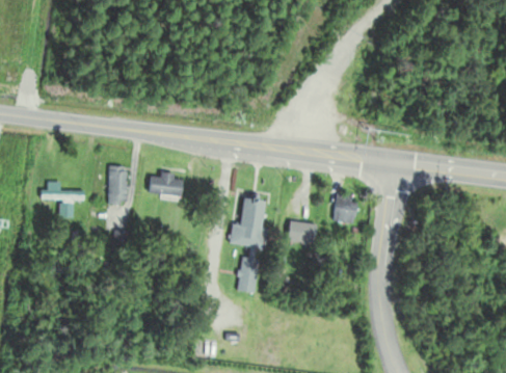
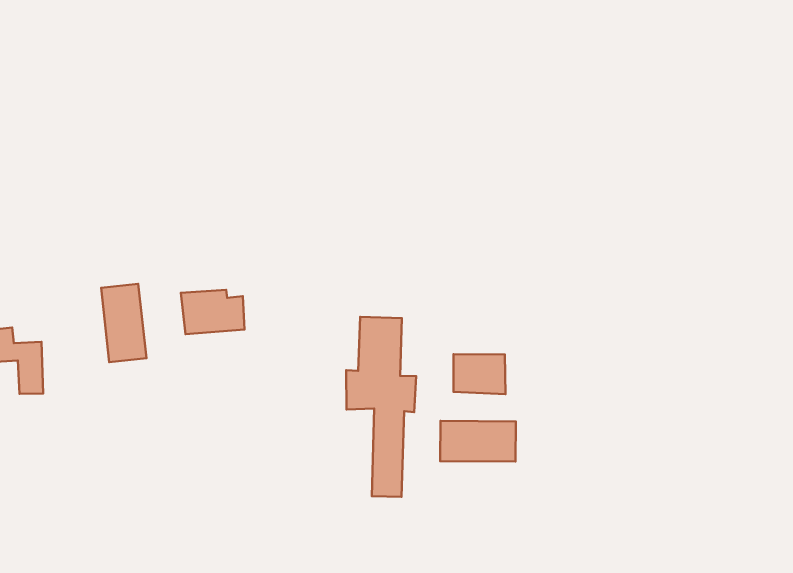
building: [335,196,358,223] -> none
building: none -> [440,421,516,462]

